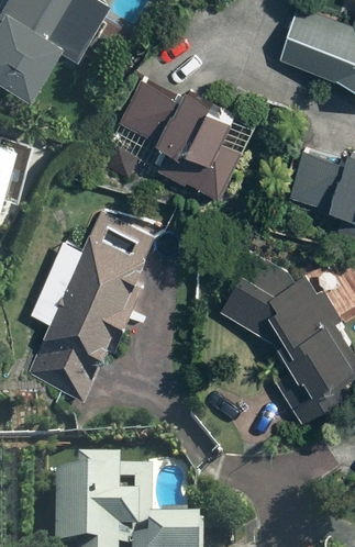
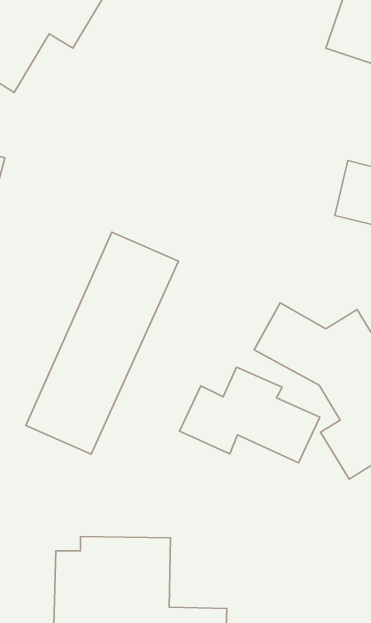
building: [121,80,242,196] -> none
building: none -> [179,367,320,463]

